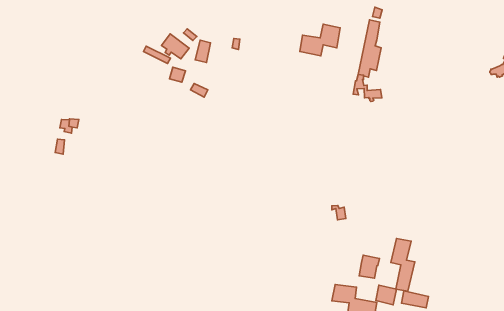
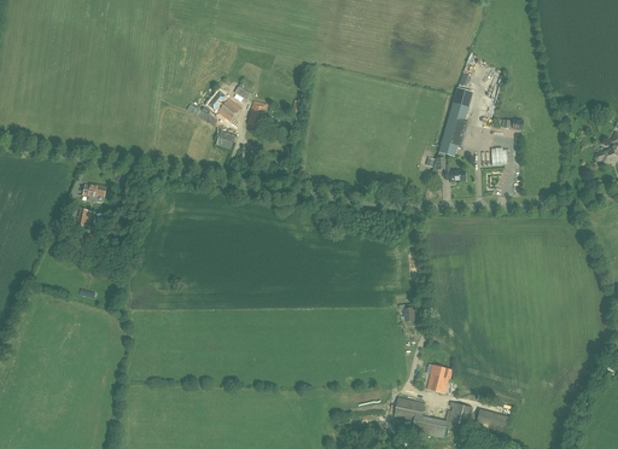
building: [300,24,340,56] -> none
building: [391,239,415,291] -> none

